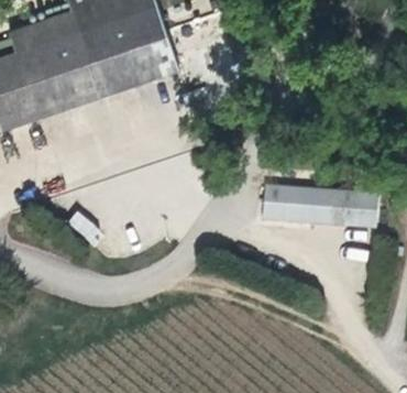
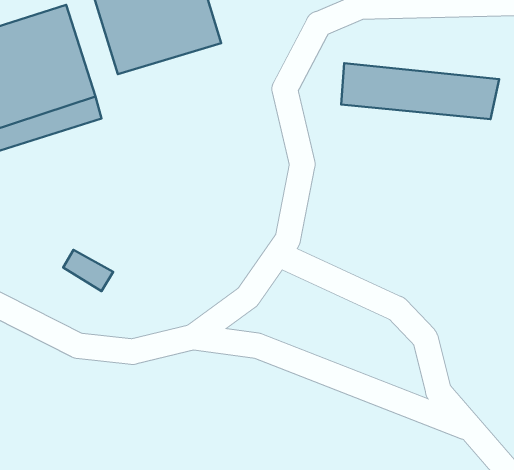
building: [257,185,375,227] -> [341,63,499,119]

